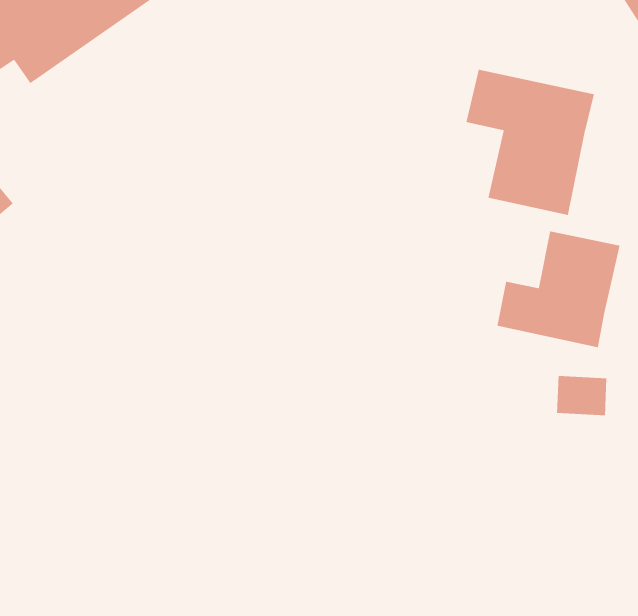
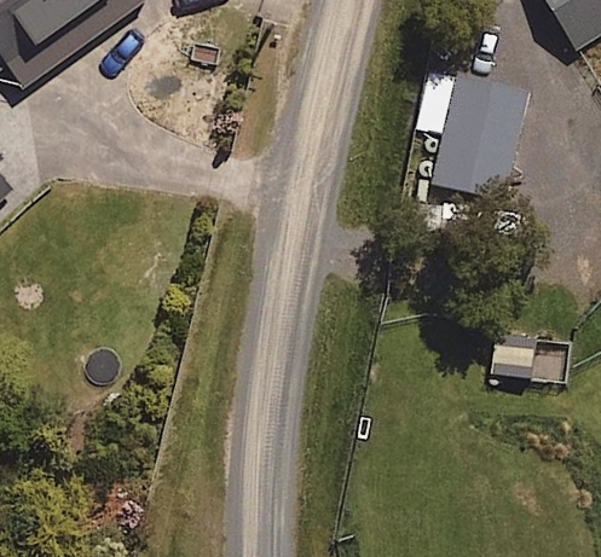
building: [497,231,620,348] -> none

